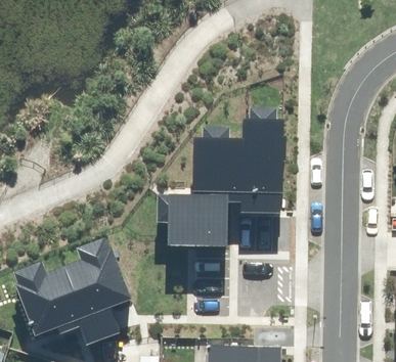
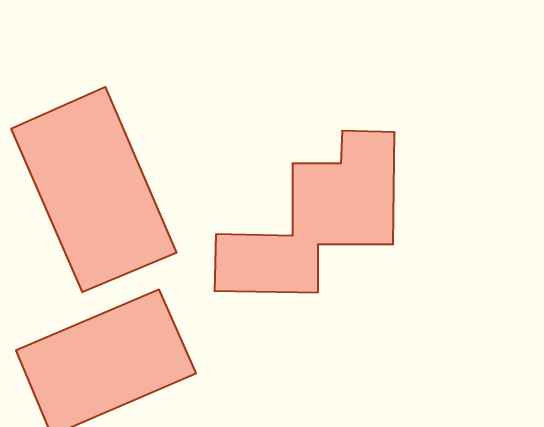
building: none -> [11,87,176,292]

